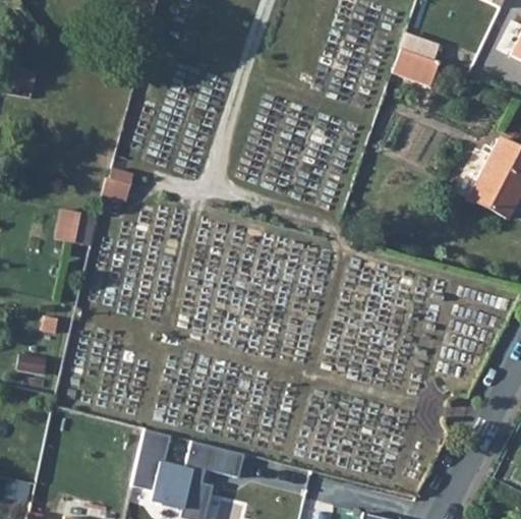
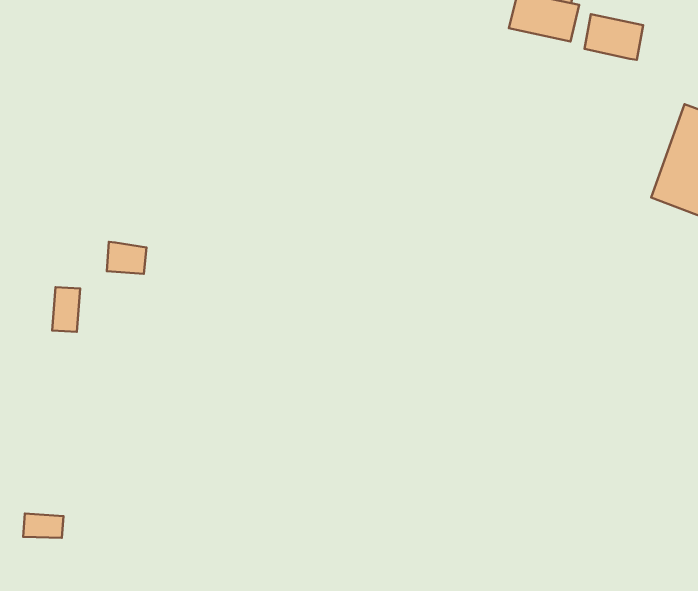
building: none -> [584,14,643,60]

